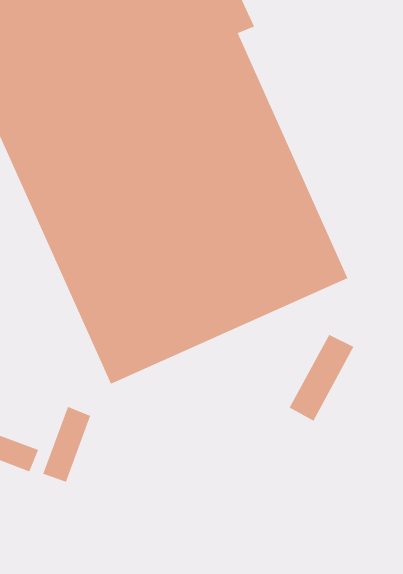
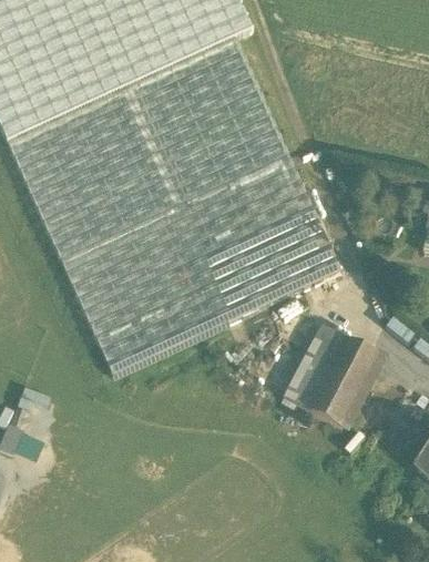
building: none -> [307,336,378,426]
building: [42,406,91,483] -> none

